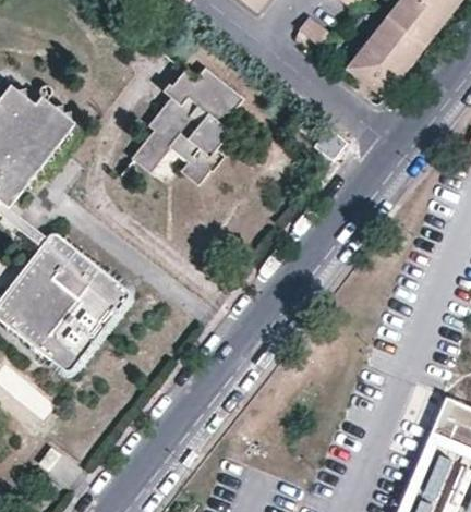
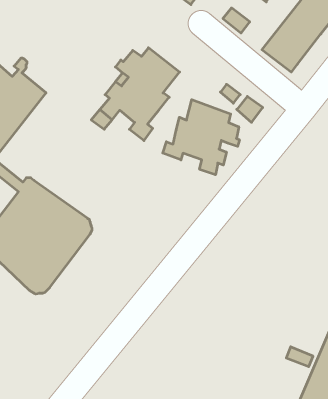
building: none -> [163,100,239,175]

